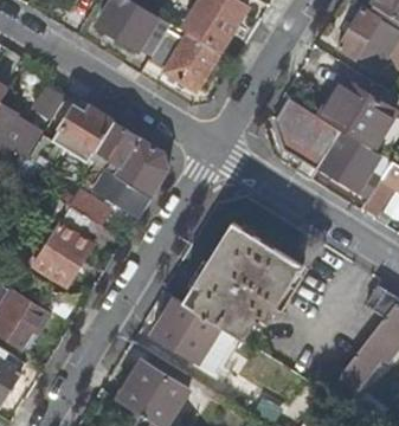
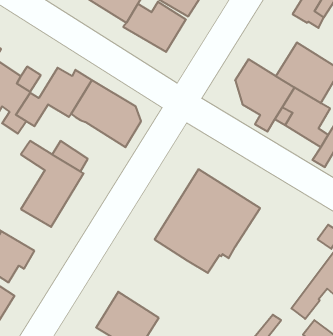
building: [91,169,149,217] -> none
building: [149,297,219,366] -> none

